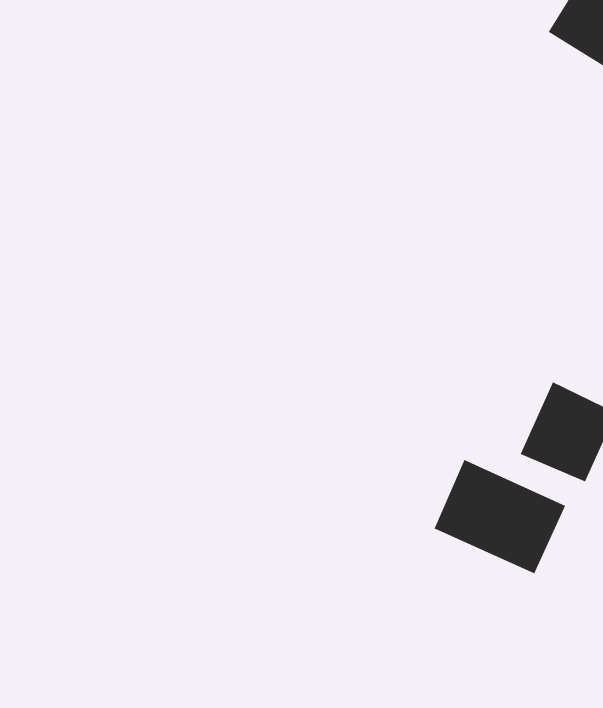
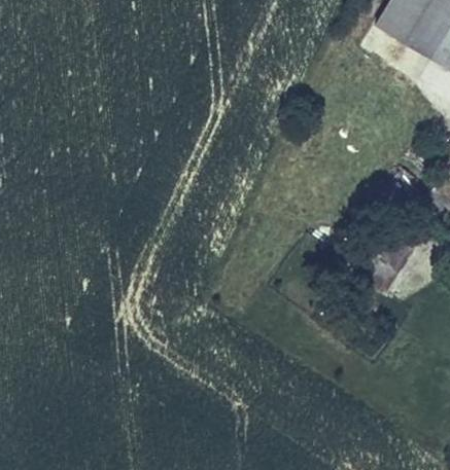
building: [434,459,566,574] -> none

